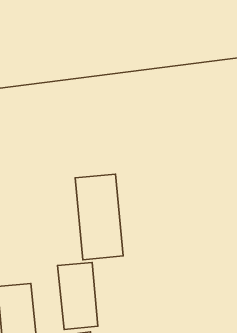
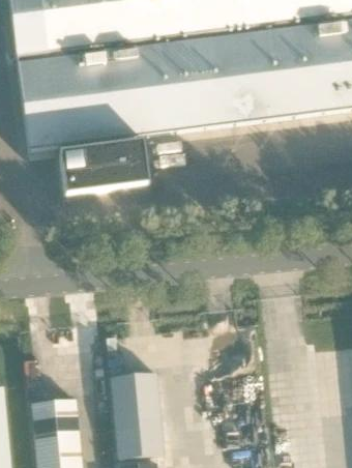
building: none -> [56,143,149,198]
building: [75,174,123,260] -> none

